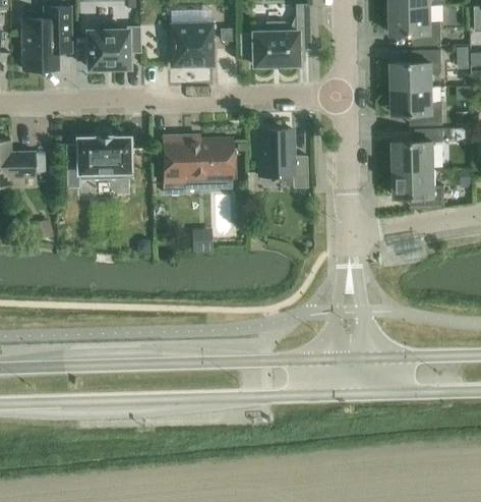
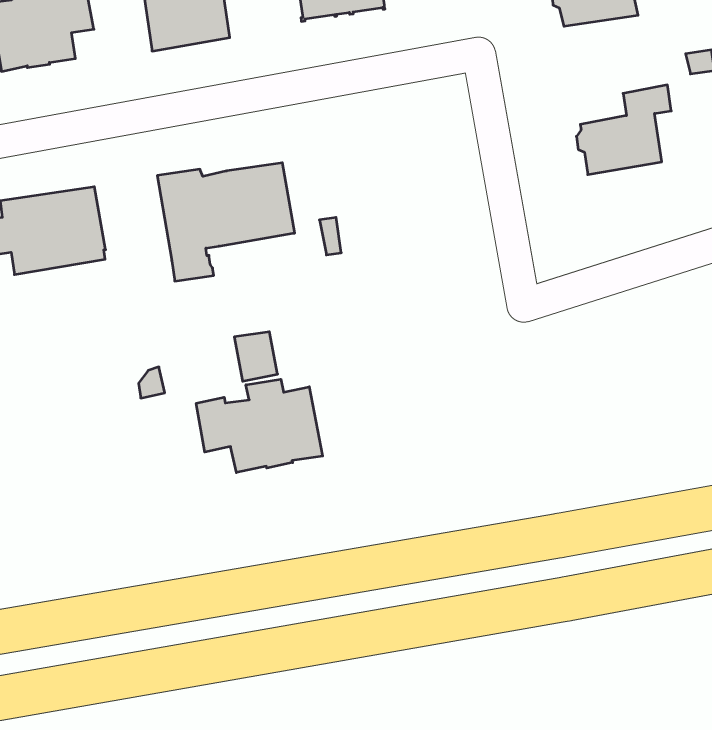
building: [389,89,442,126] -> none
building: [258,128,307,187] -> none
building: [390,169,444,209] -> none
building: none -> [196,379,323,473]

